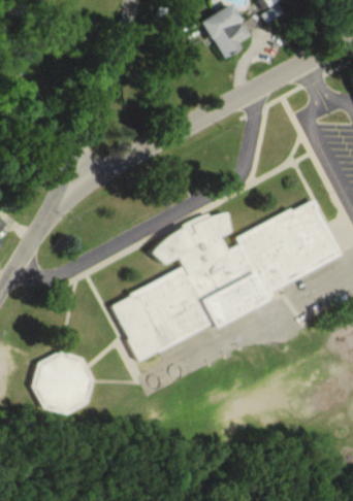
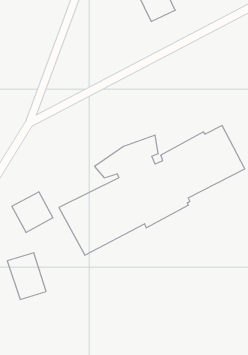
building: none -> [12,192,53,233]

